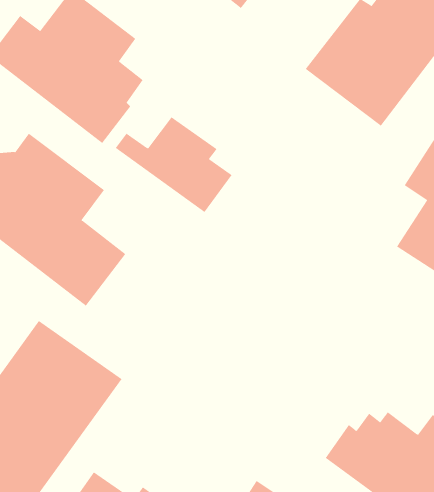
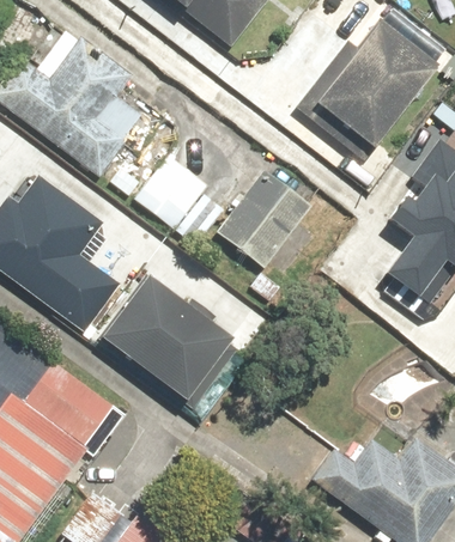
building: none -> [217,169,314,269]
building: none -> [101,267,232,391]

